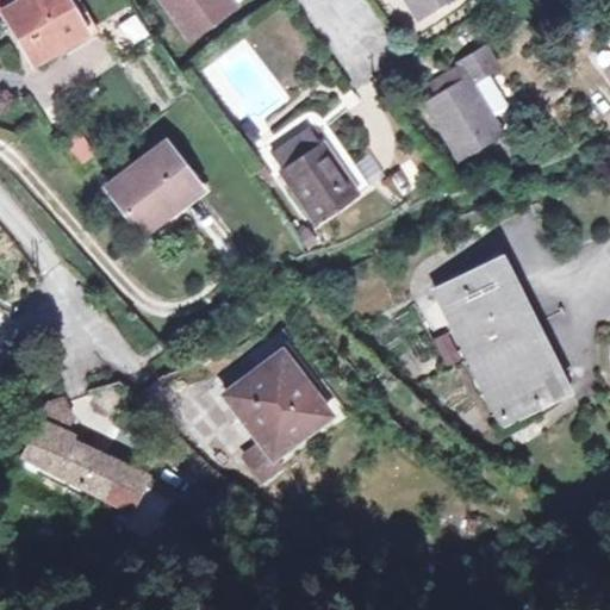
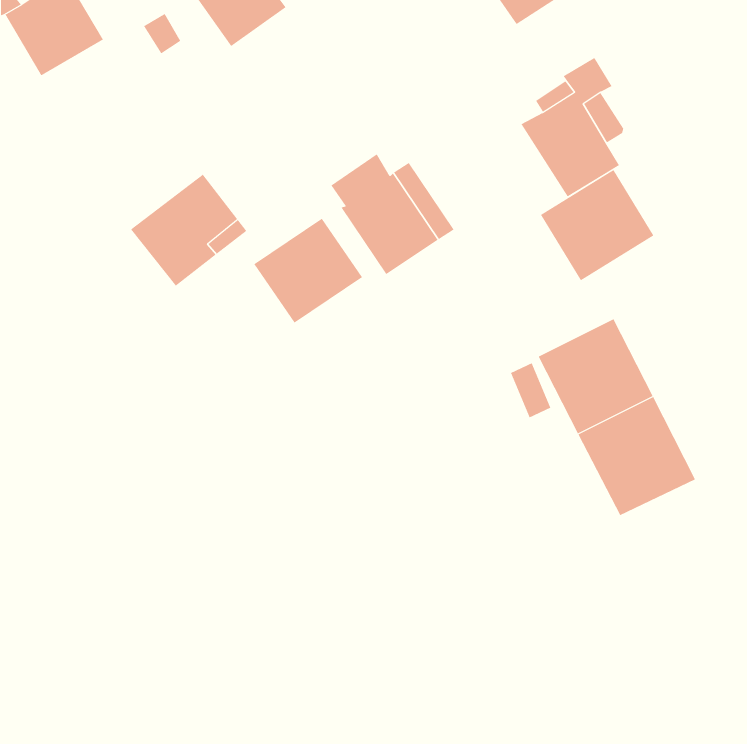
building: none -> [540,169,654,281]
building: none -> [254,218,363,324]
building: [225,349,330,480] -> none
building: [23,397,174,542] -> none

